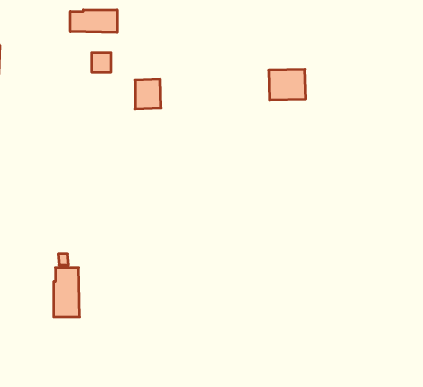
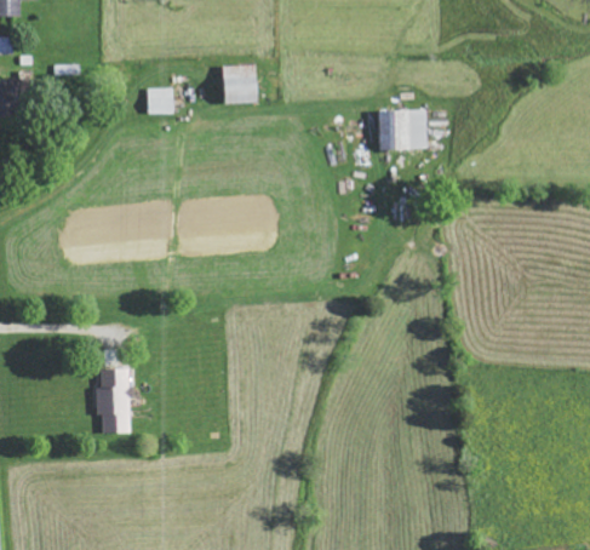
building: [70,10,117,32] -> none
building: [135,79,161,109] -> [224,64,258,103]

